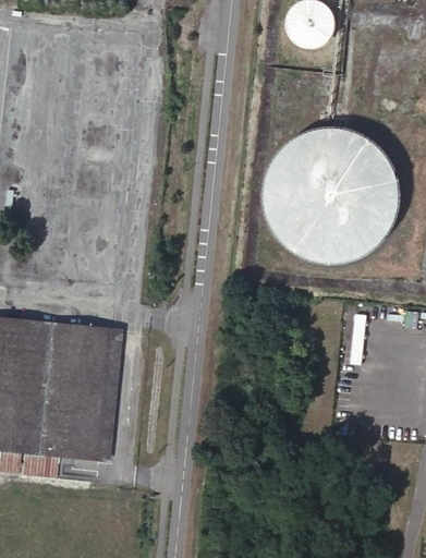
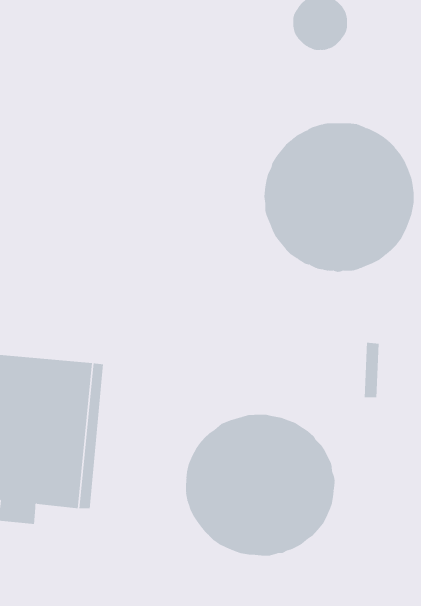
building: none -> [185,414,335,556]

